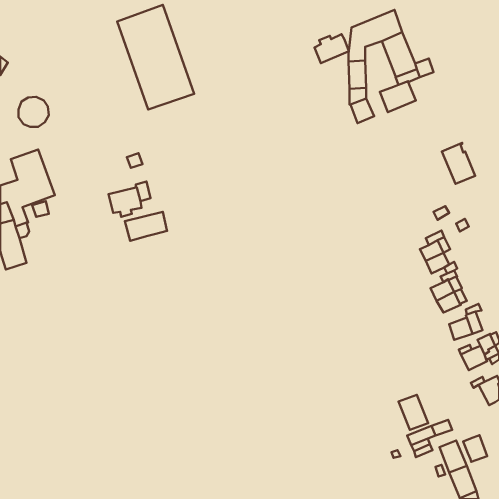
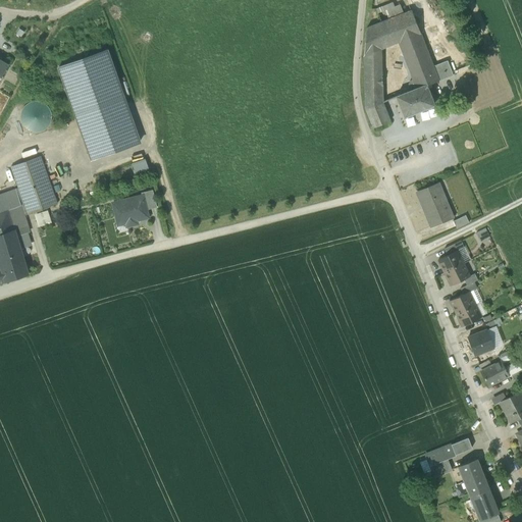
building: [117,5,194,109] -> [59,50,140,159]
building: [315,34,349,63] -> none
building: [442,143,475,184] -> [417,184,452,226]
building: [125,212,167,241] -> none
building: [398,395,428,430] -> none
building: [463,435,487,462] -> none

